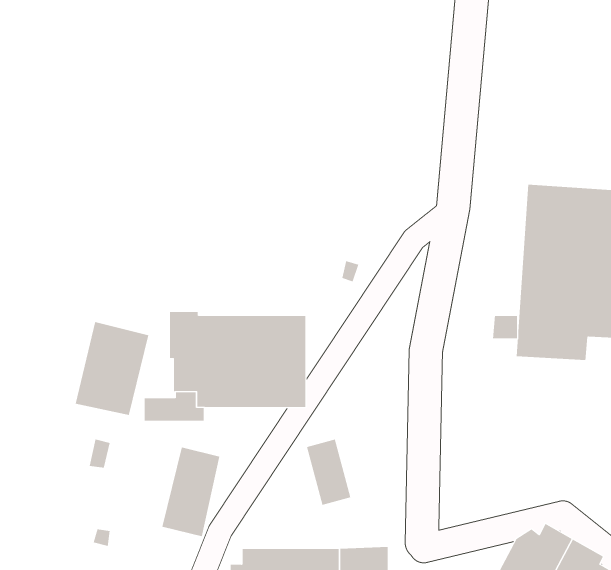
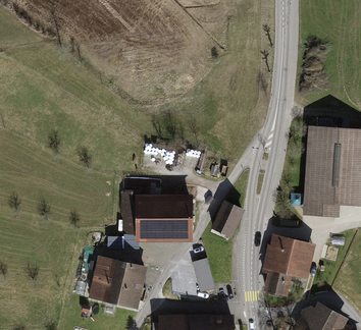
building: [75,322,149,416] -> [89,255,127,304]
building: none -> [211,200,246,238]
building: none -> [261,233,316,296]

